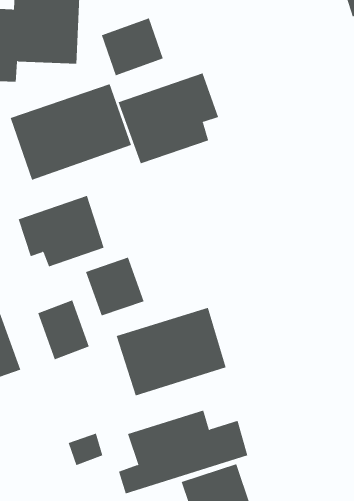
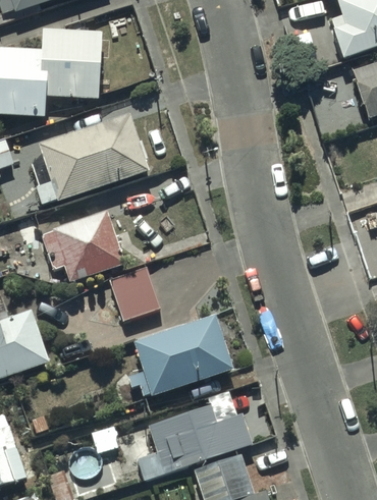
building: [101,17,163,76] -> none
building: [118,73,219,164] -> none
building: [38,299,90,360] -> none

